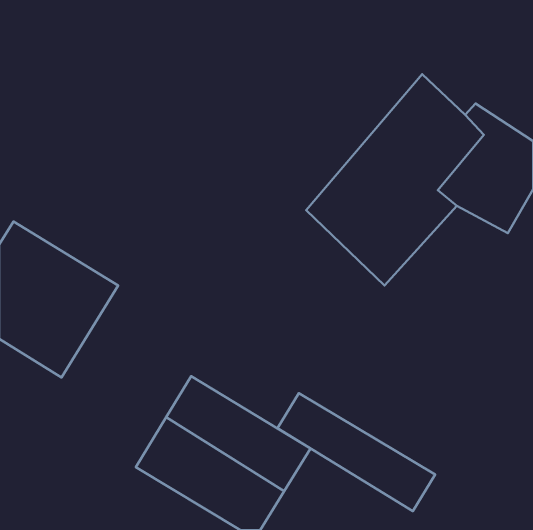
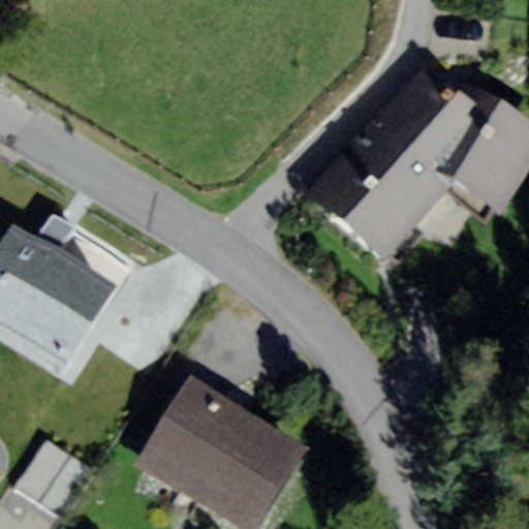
building: [278,393,435,511] -> none
building: none -> [15,437,97,518]

